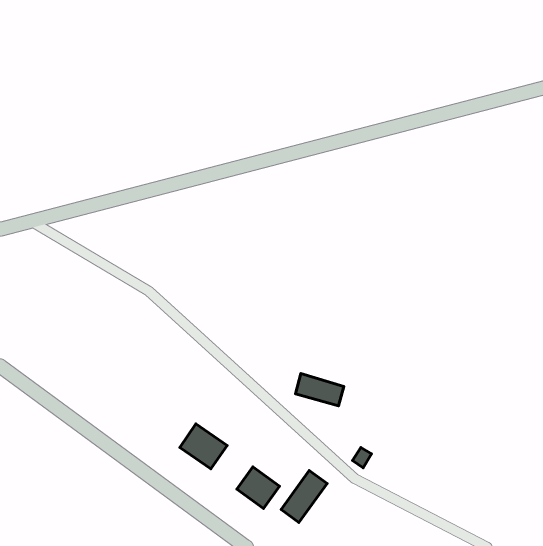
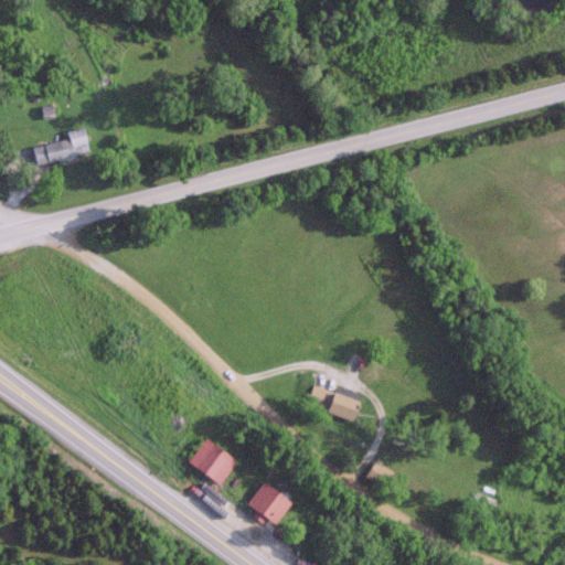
building: none -> [33,128,89,166]
building: [281,470,327,523] -> none

